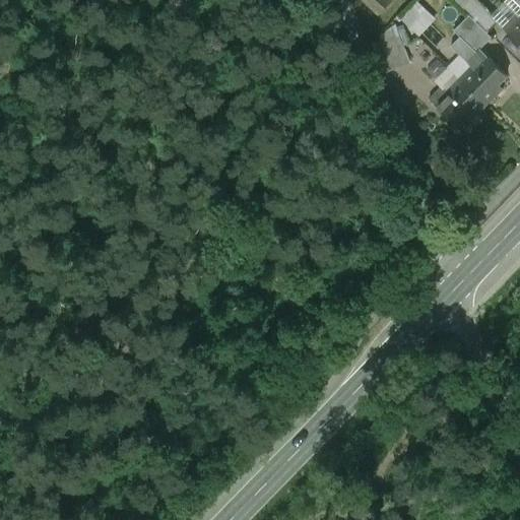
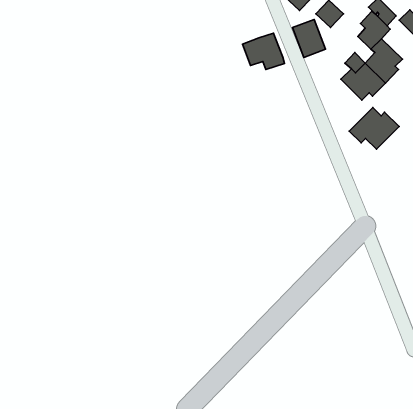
building: none -> [242,33,284,70]
building: none -> [349,108,399,149]

